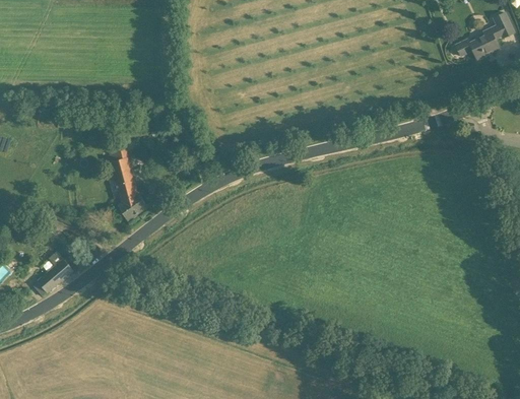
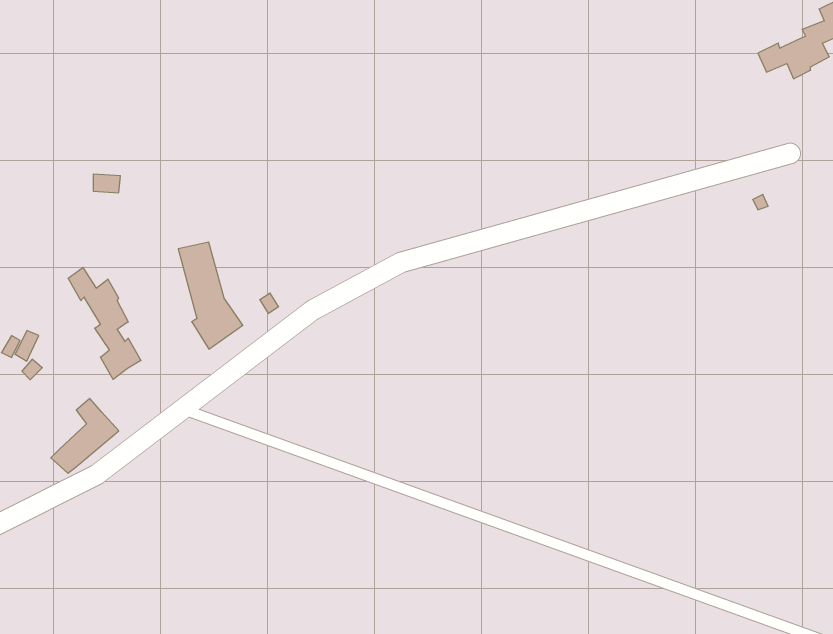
building: none -> [68,267,141,379]

